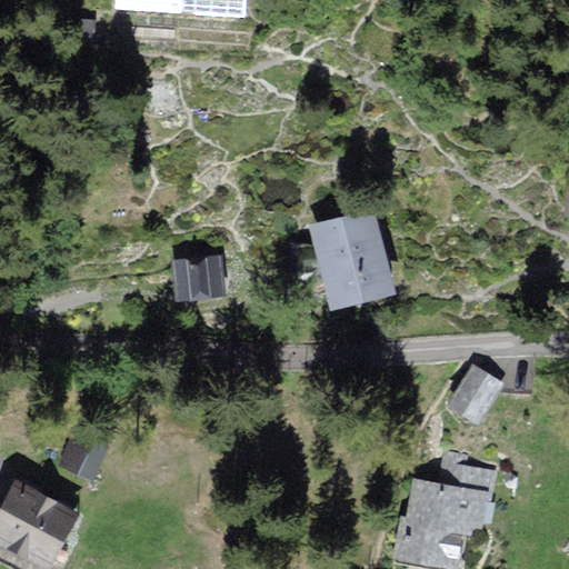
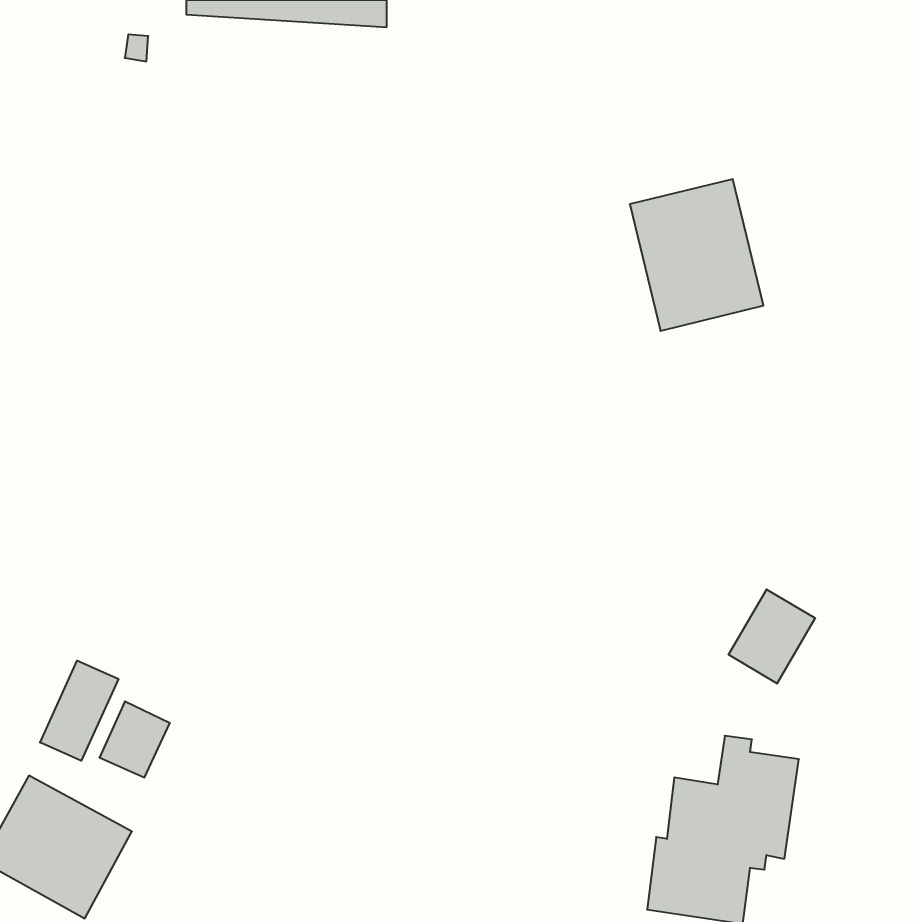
building: [309,210,391,303] -> [630,179,763,331]
building: [171,254,226,302] -> none
building: none -> [40,661,118,761]

